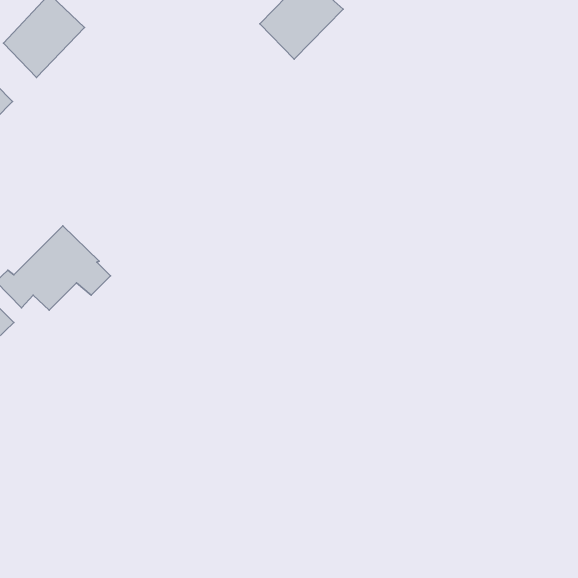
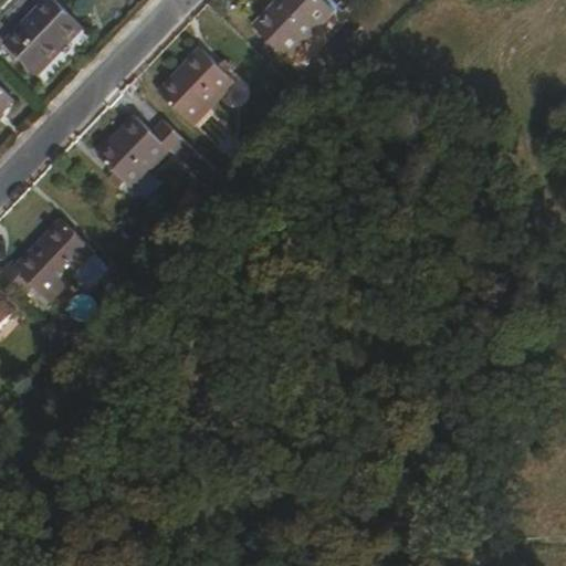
building: none -> [158,48,234,124]
building: none -> [97,116,196,187]

